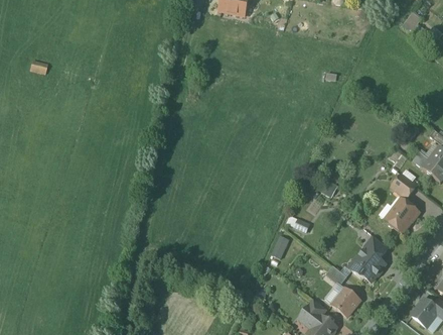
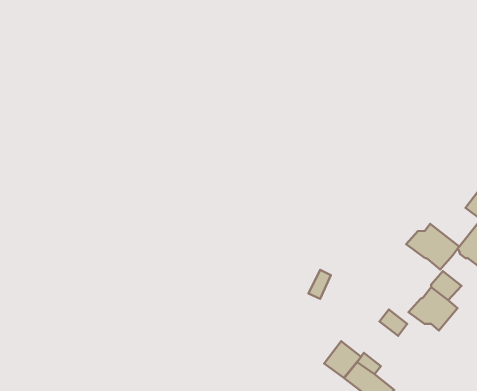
building: none -> [406,224,459,269]
building: [331,287,359,315] -> [324,341,361,378]

